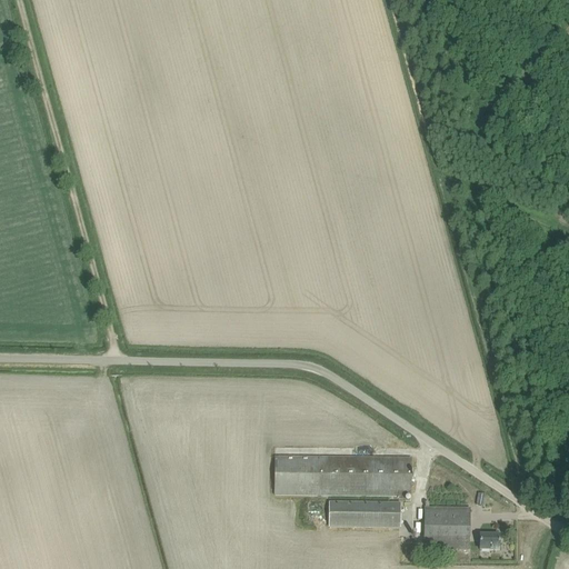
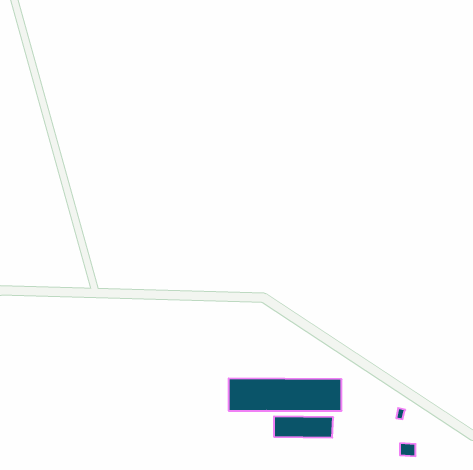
building: [425,505,469,547] -> none

